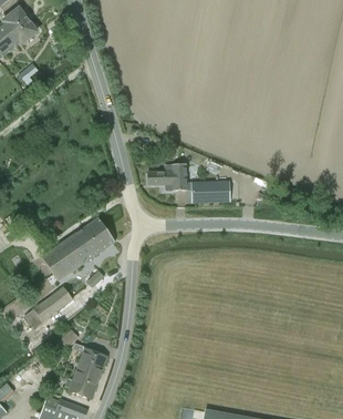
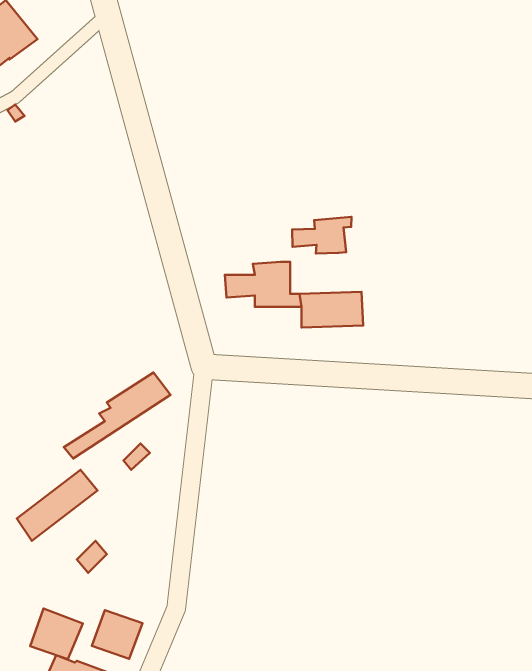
building: none -> [292,217,352,253]
building: [41,217,105,273] -> none
building: [76,347,107,377] -> [30,609,83,659]

